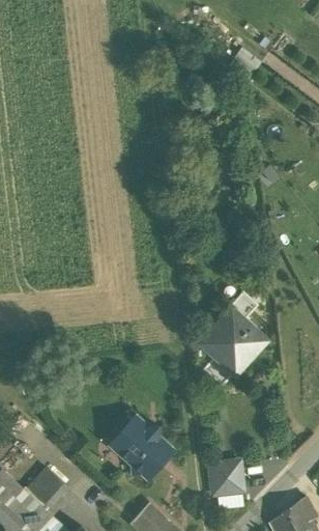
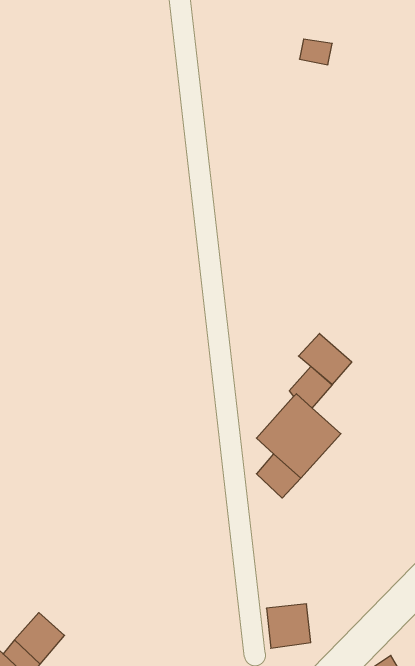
building: none -> [298,333,352,384]
building: [116,415,170,478] -> none

